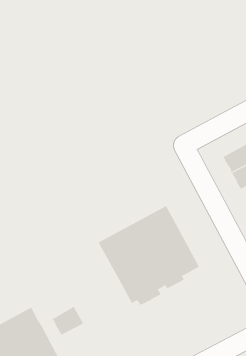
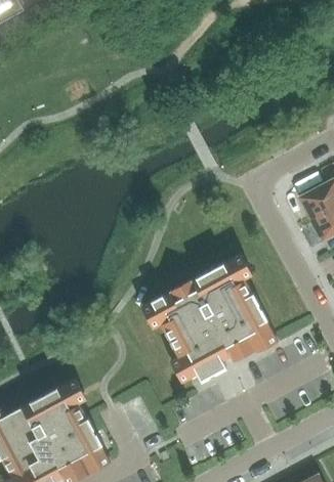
building: [52,306,84,336] -> none

